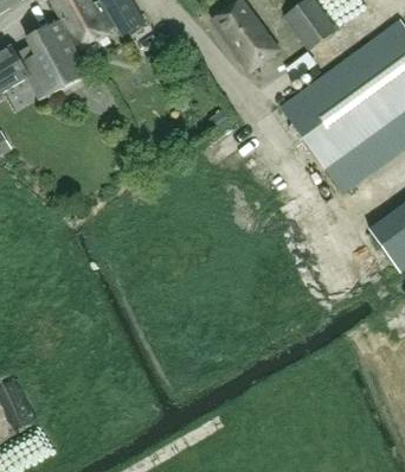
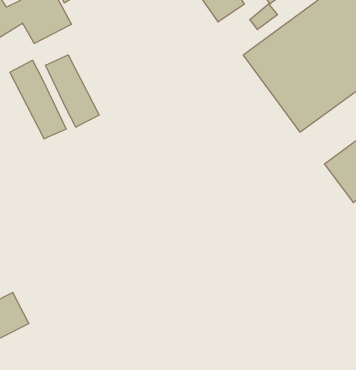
building: none -> [46,55,99,127]
building: none -> [10,60,66,139]

